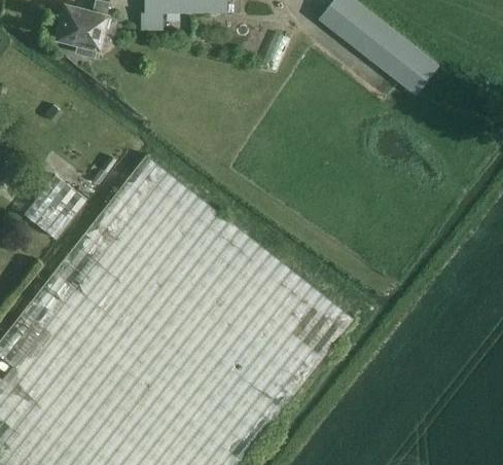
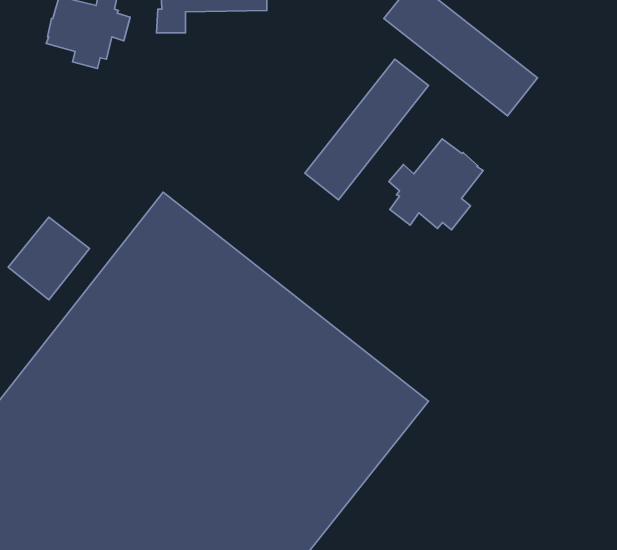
building: none -> [305,59,428,200]
building: none -> [389,139,483,230]

